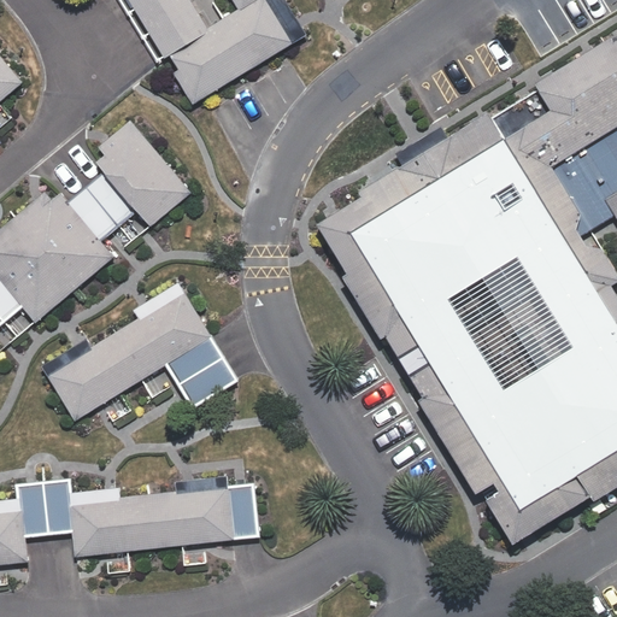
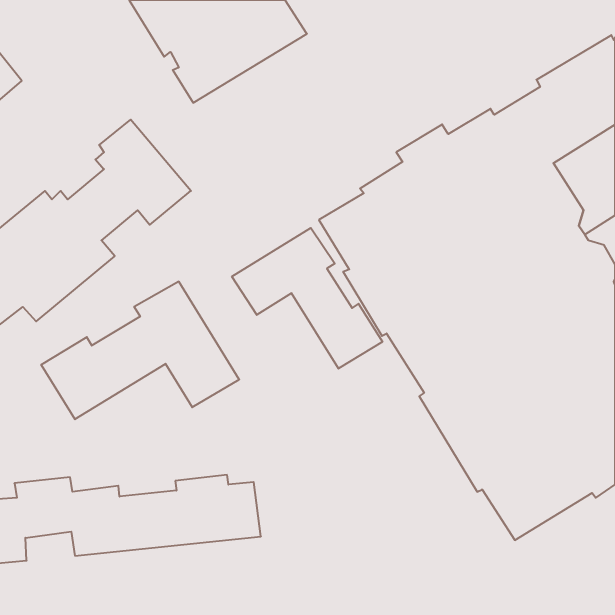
building: none -> [232,228,382,369]

